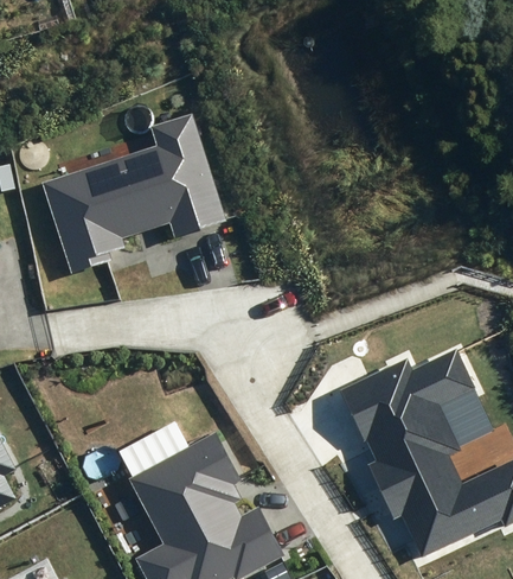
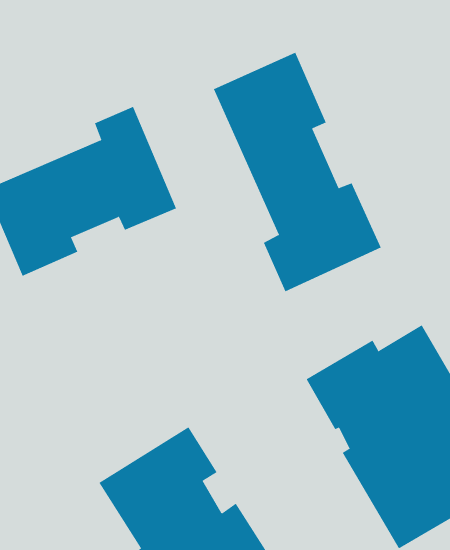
building: none -> [213,52,382,292]

